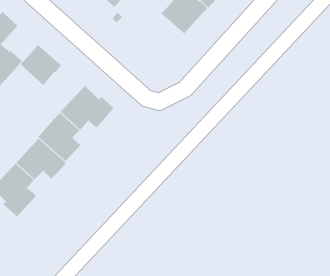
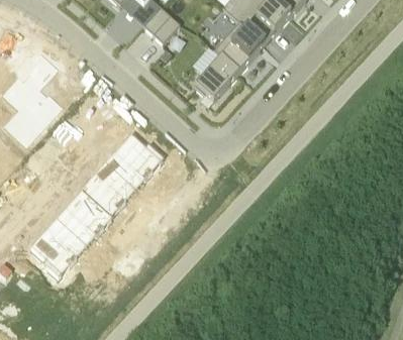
building: none -> [195,58,239,102]
building: [20,44,62,86] -> none

